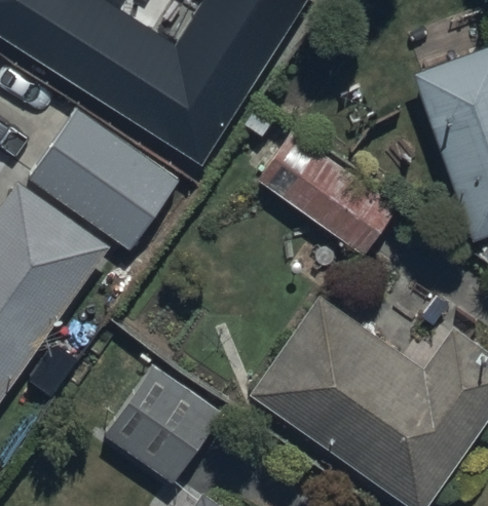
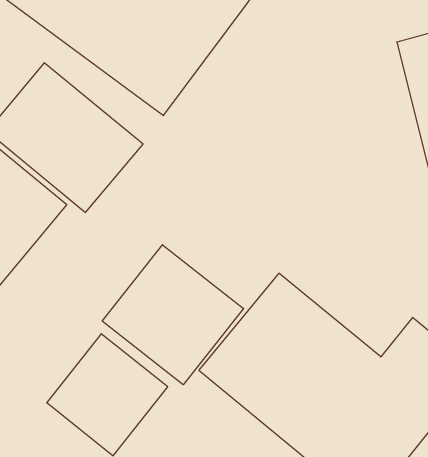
building: [257,130,400,258] -> none
building: none -> [102,245,244,385]

